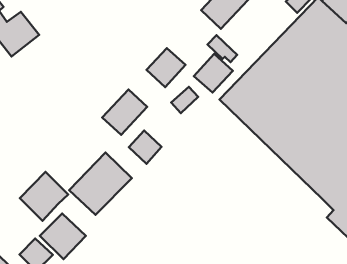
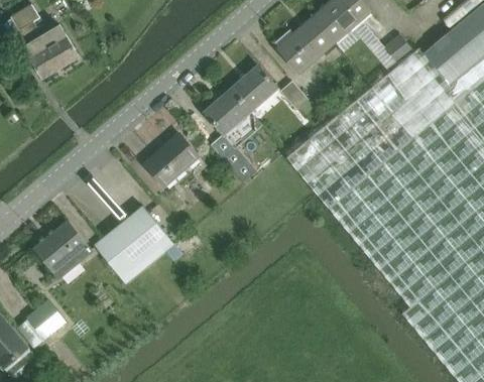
building: [194,54,233,92] -> [231,66,278,112]
building: [129,131,161,164] -> none
building: [40,214,86,259] -> none

